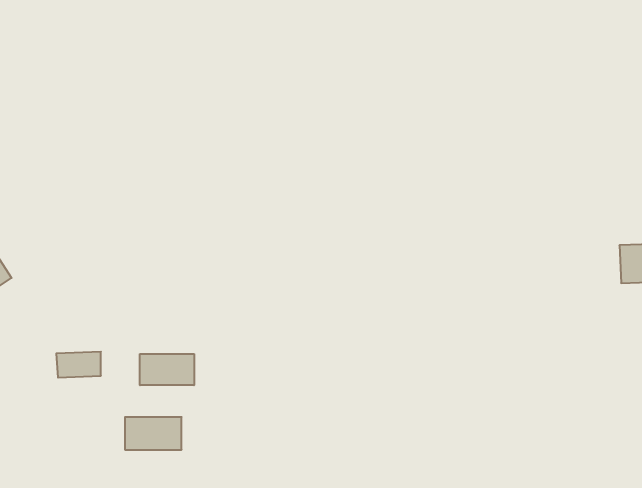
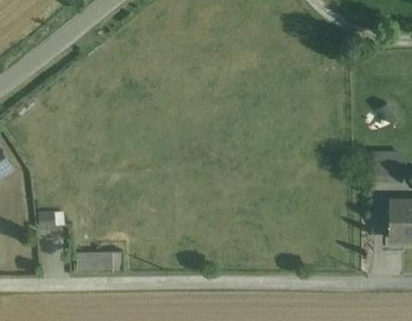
building: [140,354,194,385] -> none

